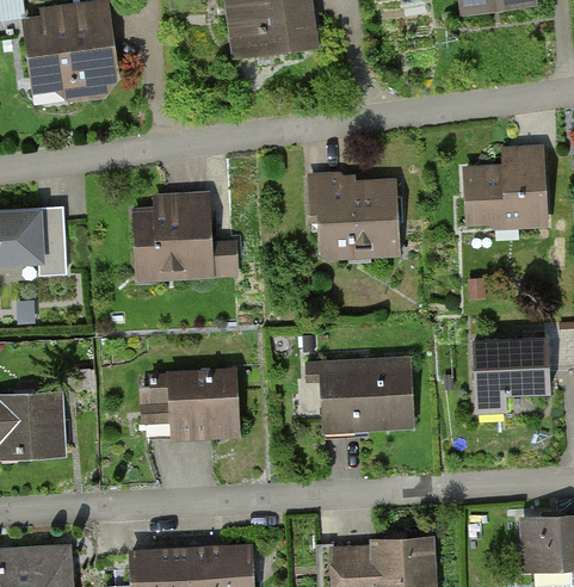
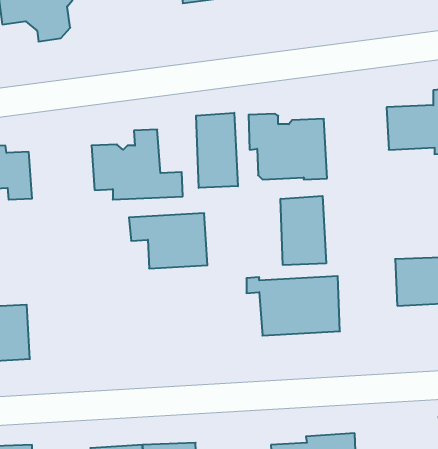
building: none -> [196,113,238,188]
building: none -> [281,196,326,265]
building: [150,372,239,434] -> [129,213,207,268]

